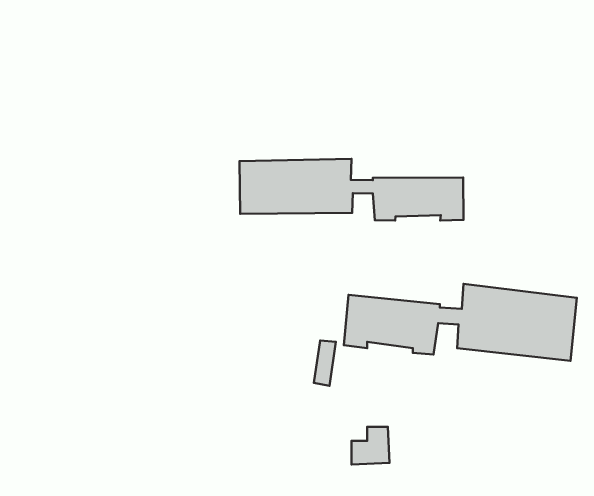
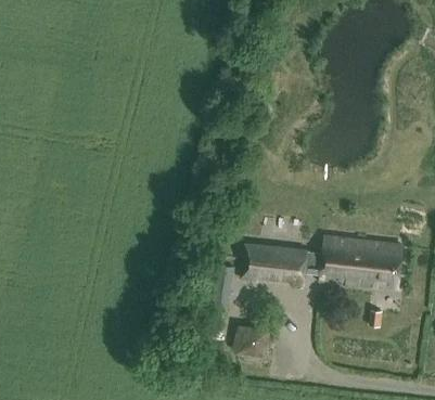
building: [239,159,464,220] -> none

